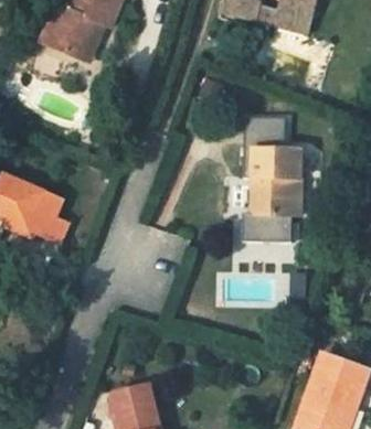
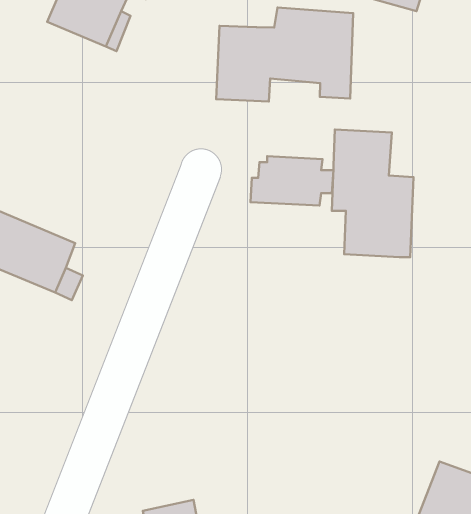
building: none -> [216,7,353,102]
building: [243,207,303,243] -> [250,156,333,205]

